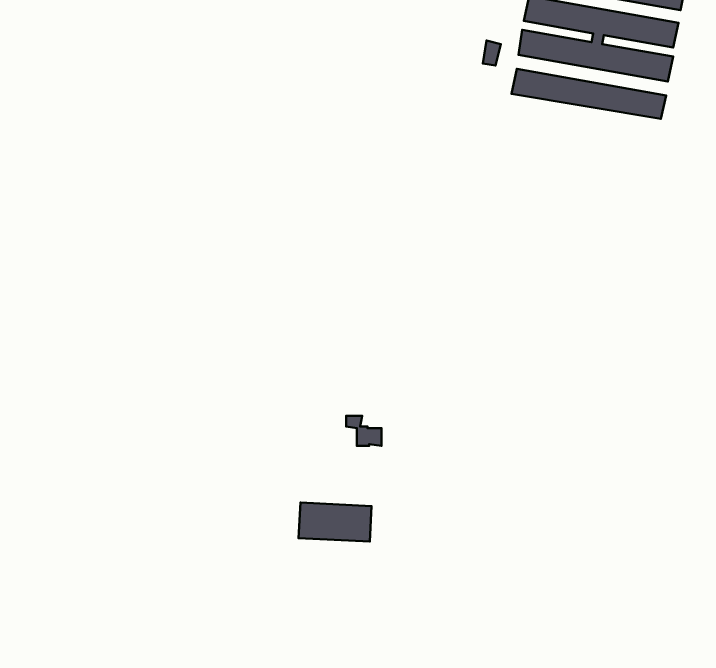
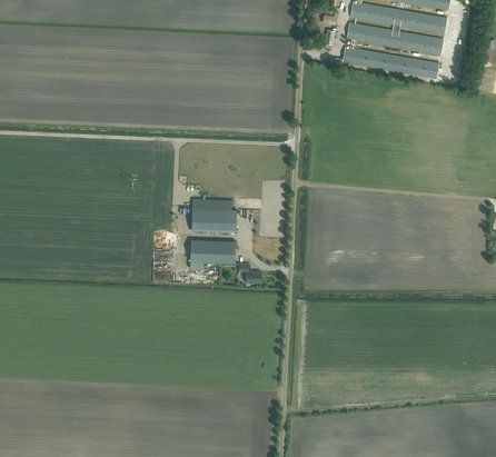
building: none -> [192,199,236,232]
building: [299,502,372,542] -> [189,239,235,264]

